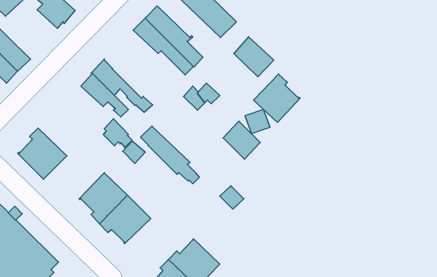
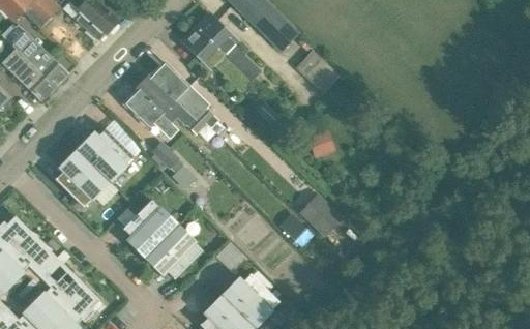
building: [254,74,300,122] -> none
building: none -> [77,127,134,181]
building: [223,121,260,159] -> [298,195,340,237]
building: [141,126,199,184] -> [151,63,216,127]

